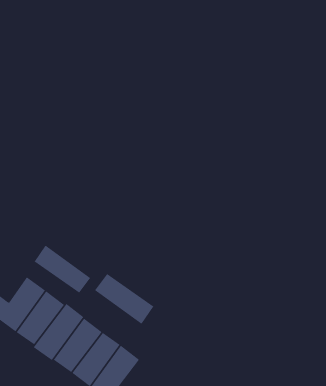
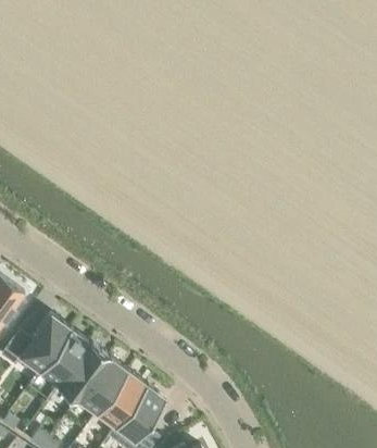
building: [34,244,92,293] -> none
building: [93,273,154,325] -> none

